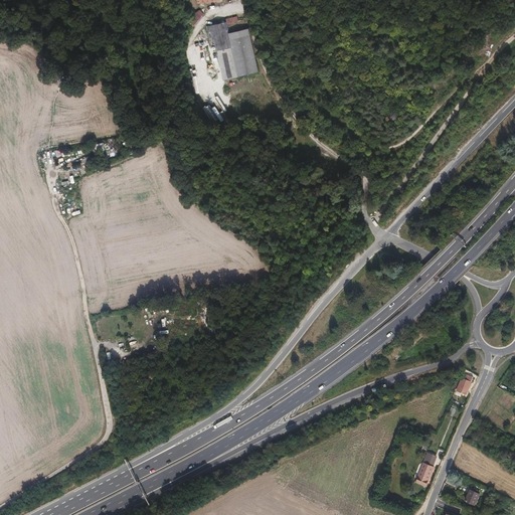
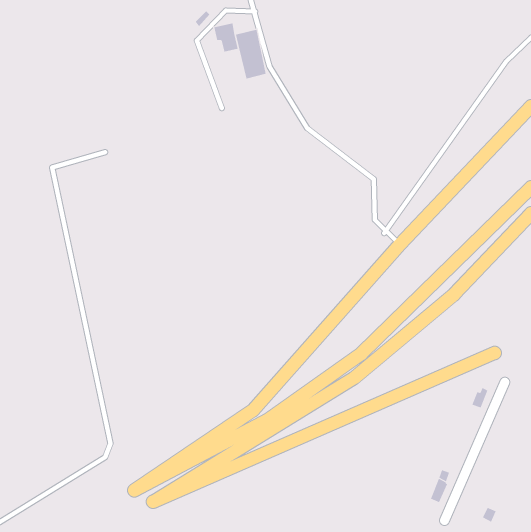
building: [216,47,237,80] -> none

